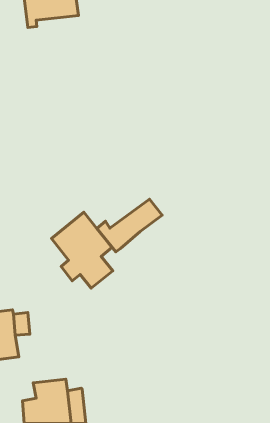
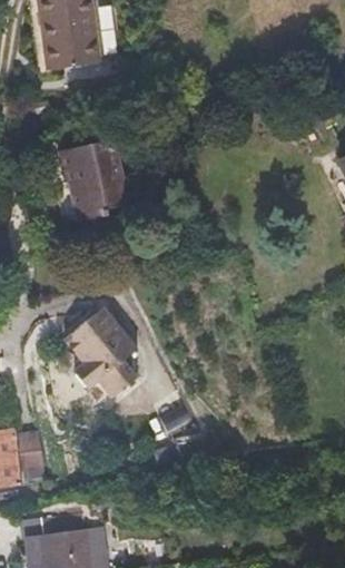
building: none -> [56,137,129,221]
building: [97,199,162,252] -> none

